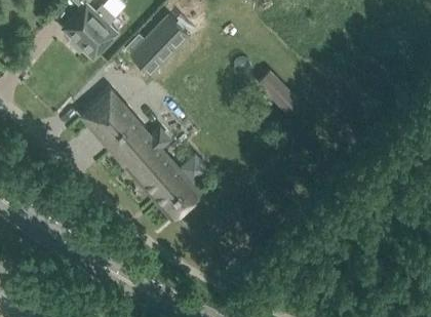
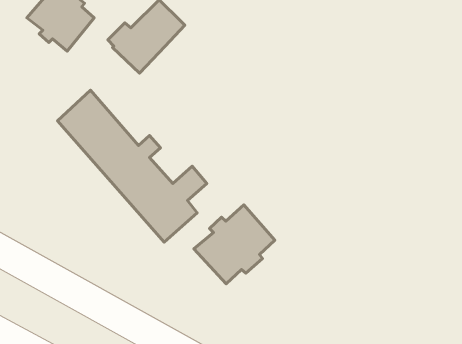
building: [260,68,297,115] -> none
building: none -> [194,205,275,284]

